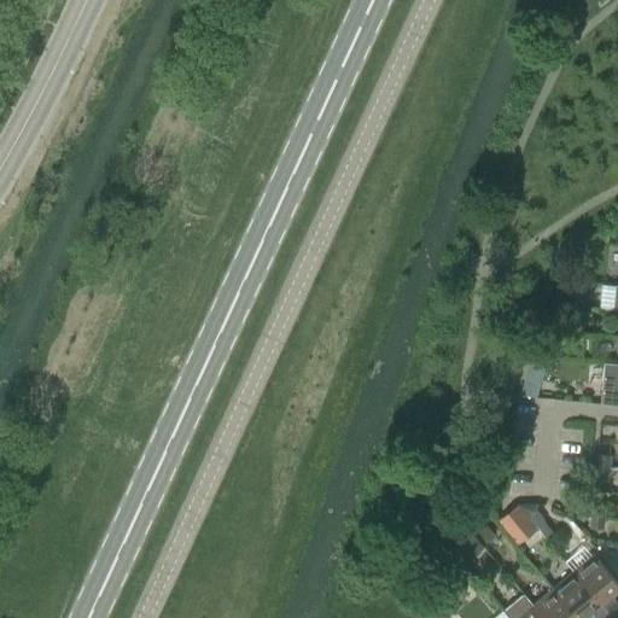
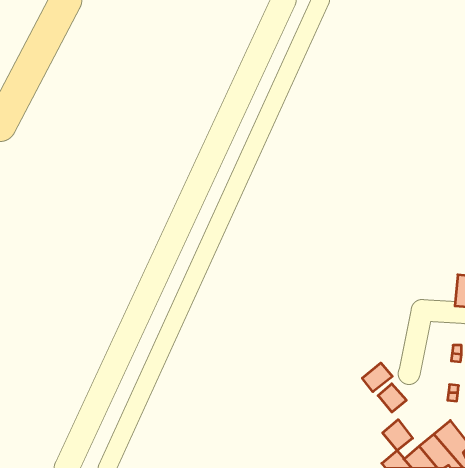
building: none -> [362,363,392,392]
building: none -> [383,420,413,451]

